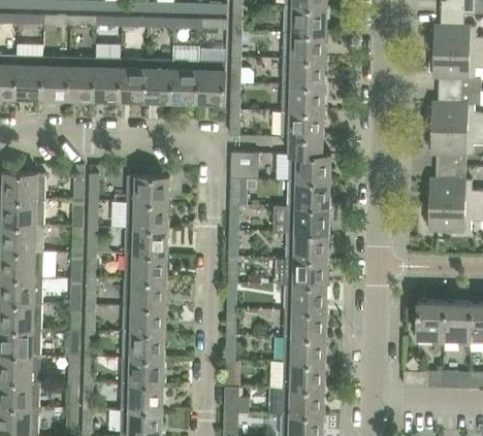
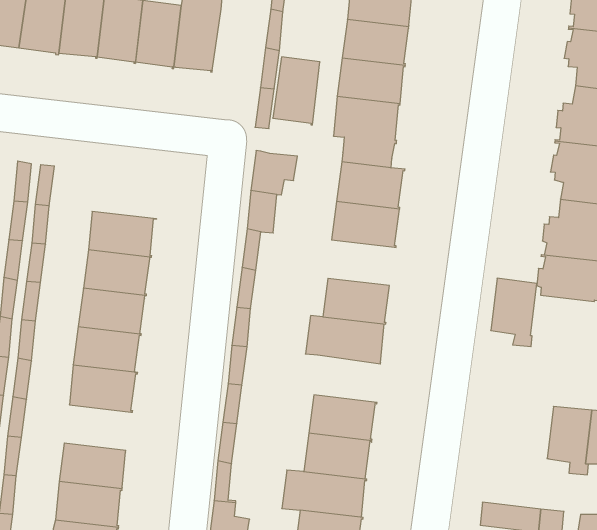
building: [197,61,225,104] -> [273,57,320,125]
building: [126,176,170,204] -> none
building: [287,207,329,234] -> none
building: [285,284,327,312] -> none
building: [417,303,445,346] -> [491,278,537,347]
building: [122,333,164,360] -> none

